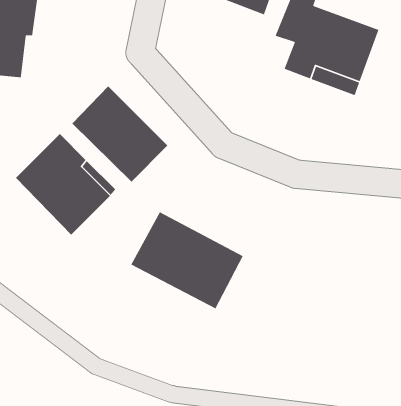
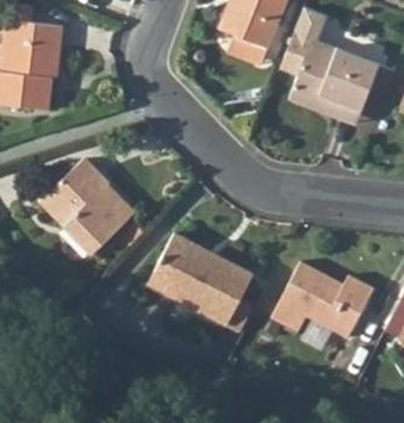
building: [72,85,168,182] -> none
building: none -> [271,262,373,335]

